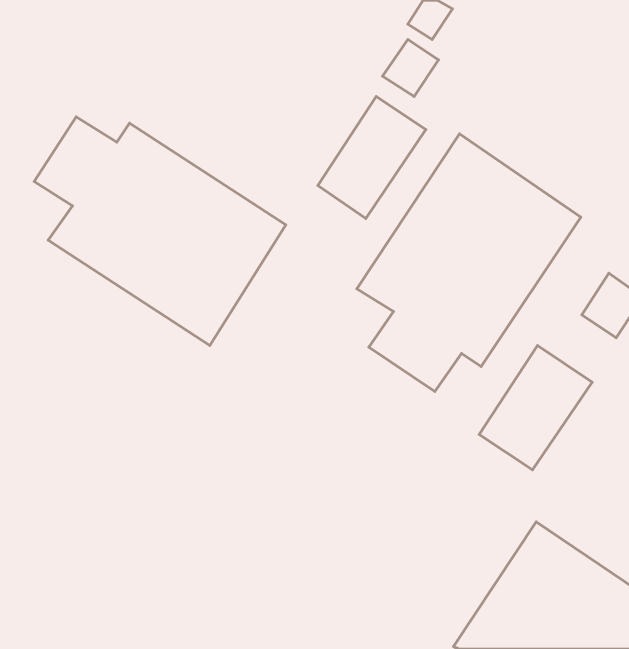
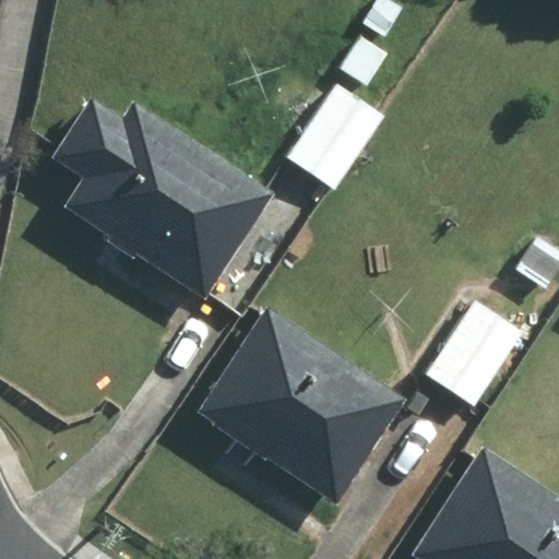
building: [357,134,581,392] -> none
building: none -> [194,311,399,502]

